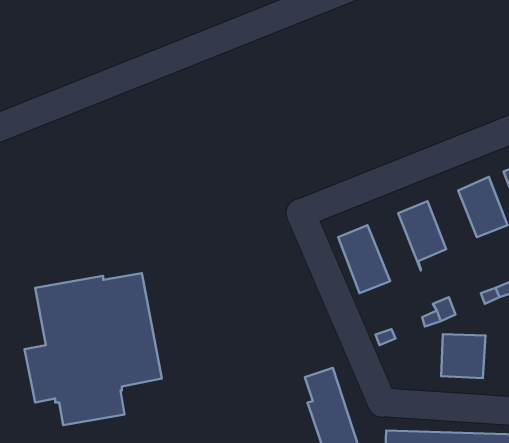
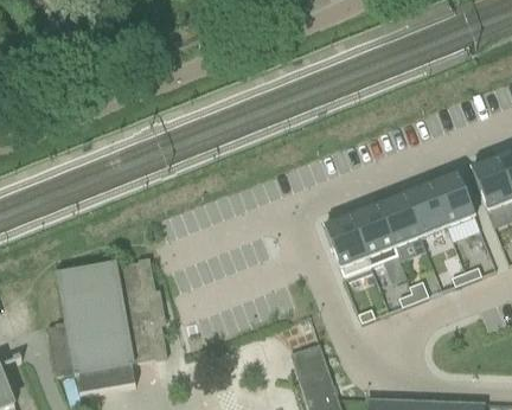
building: none -> [403,184,447,236]
building: none -> [350,204,397,264]
building: [441,334,485,378] -> none

